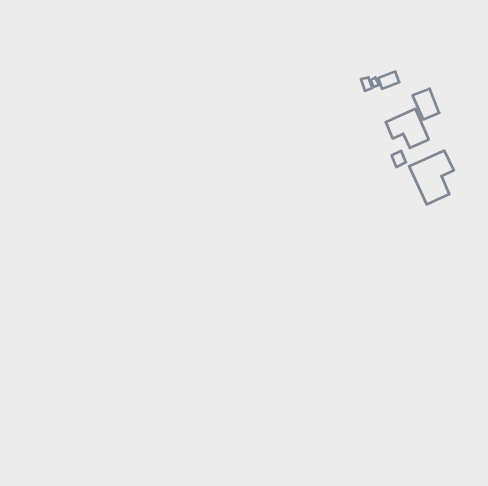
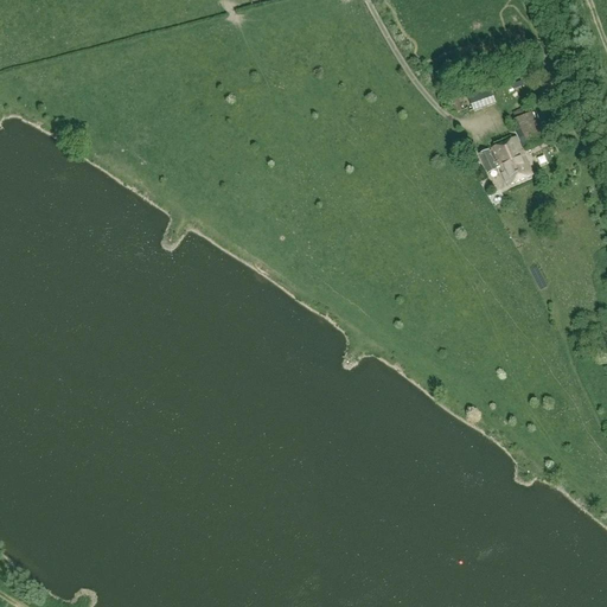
building: [409,151,454,204] -> none

